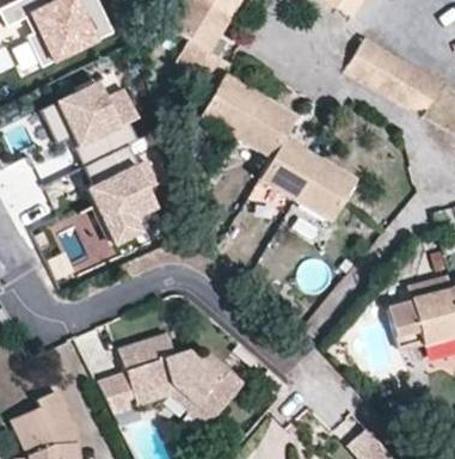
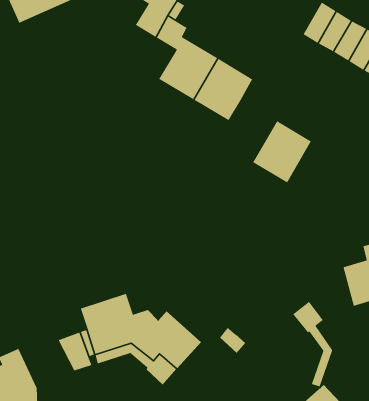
building: [61,80,143,163] -> none
building: [259,137,320,201] -> none
building: [96,161,167,250] -> none
building: none -> [292,301,333,387]

